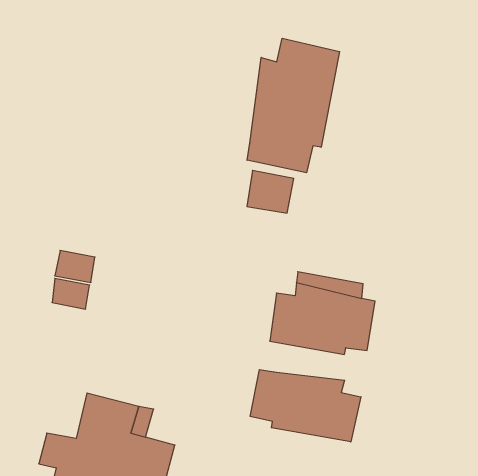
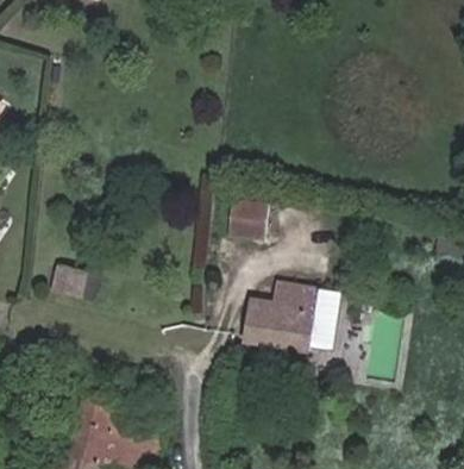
building: [247,38,340,173] -> none
building: [250,370,361,442] -> none

